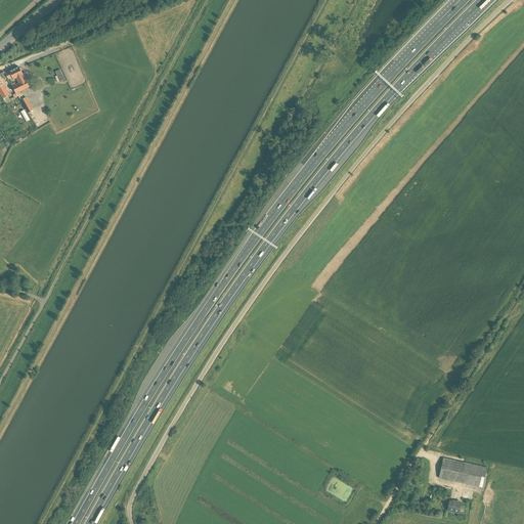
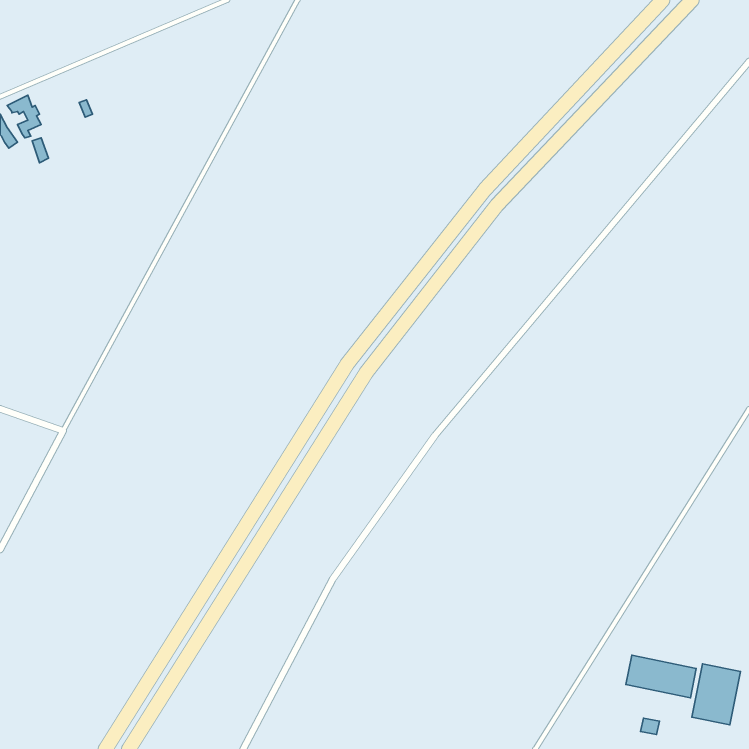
building: none -> [692,664,741,725]

